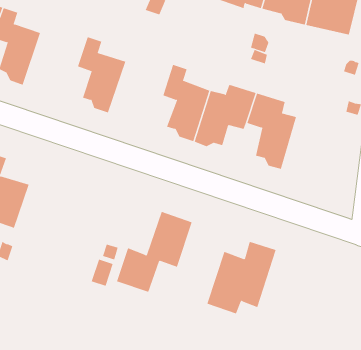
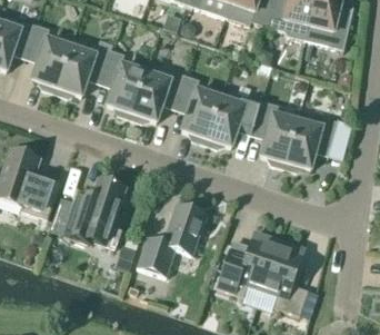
building: none -> [54,45,111,96]
building: none -> [130,69,187,121]
building: none -> [283,117,338,170]
building: none -> [63,177,126,243]
building: none -> [262,238,308,315]

